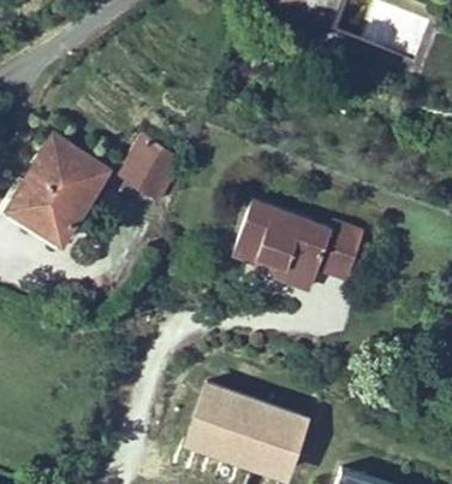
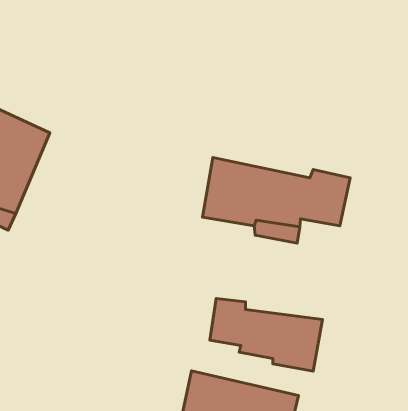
building: [123,131,183,191] -> none
building: none -> [210,299,323,371]

